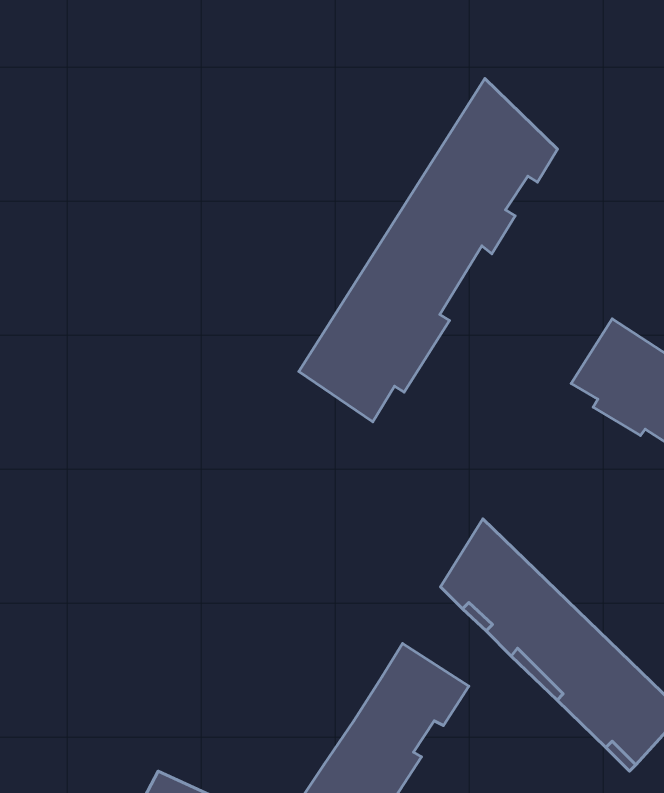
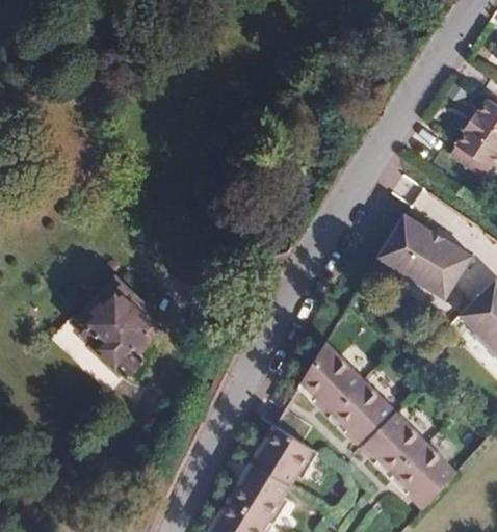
building: [299,78,558,422] -> none
building: none -> [73,285,153,382]

